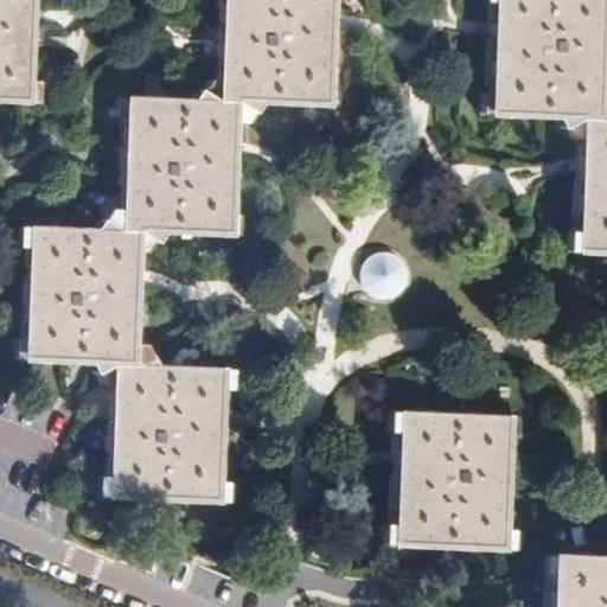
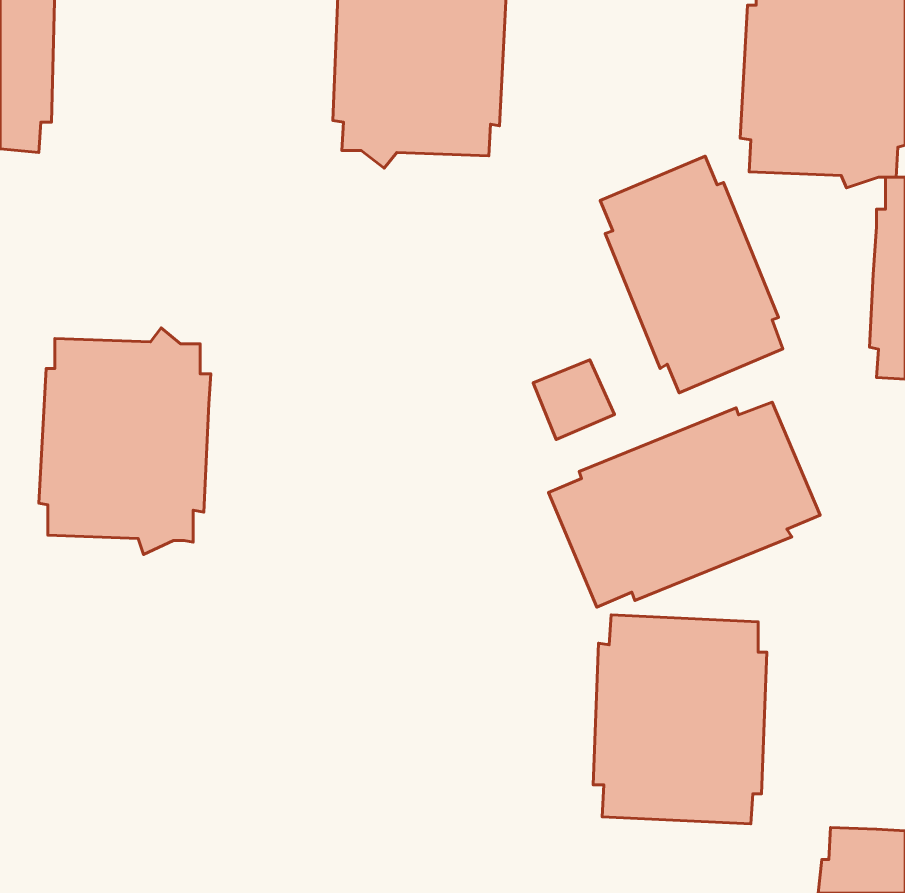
building: [123,89,239,242] -> none
building: none -> [600,156,783,393]
building: none -> [548,402,820,607]
building: [113,353,229,501] -> none

